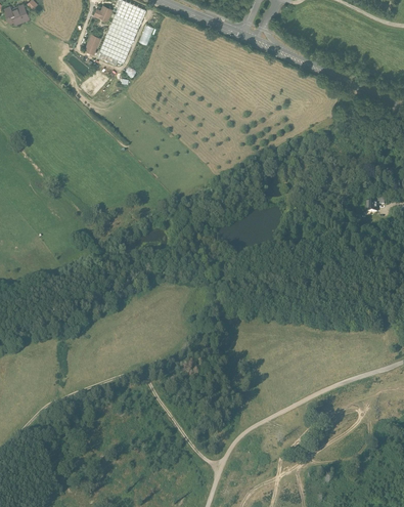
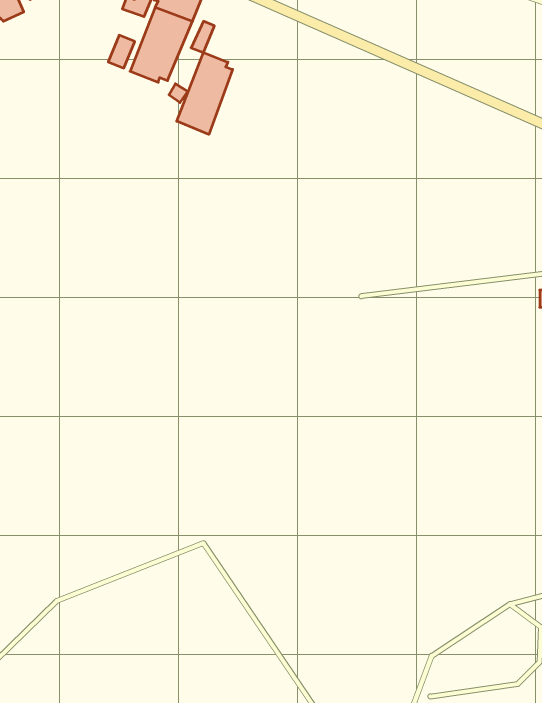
building: none -> [177,53,233,134]

